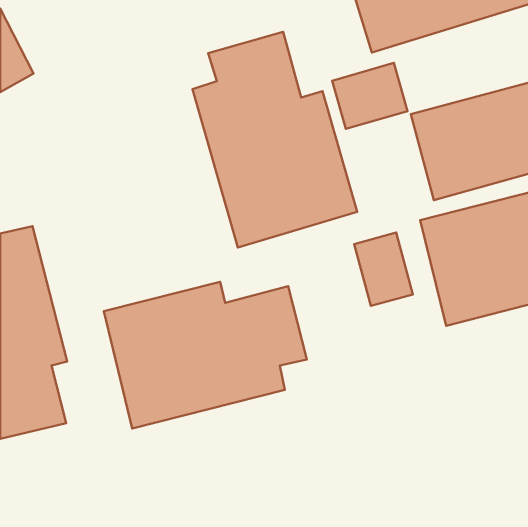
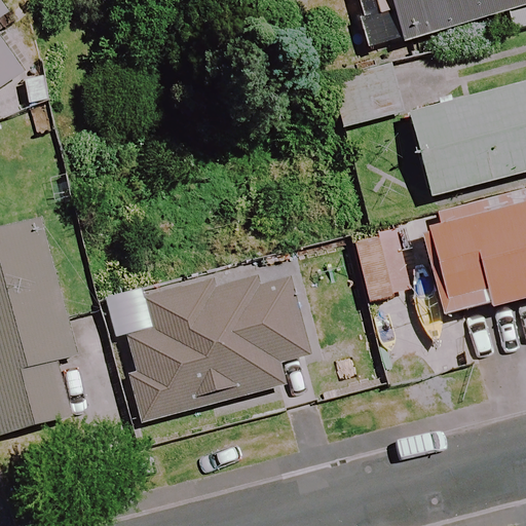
building: [192,32,357,247] -> none

